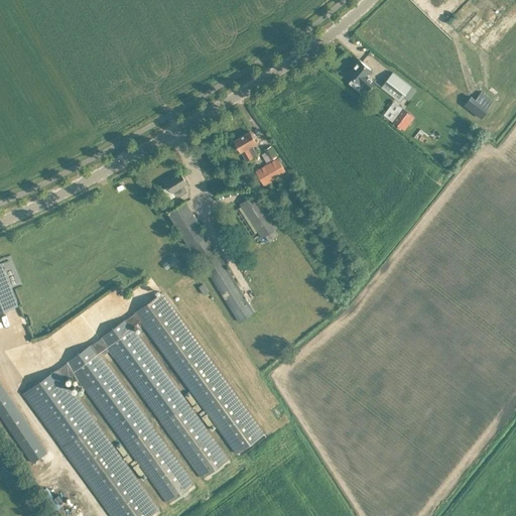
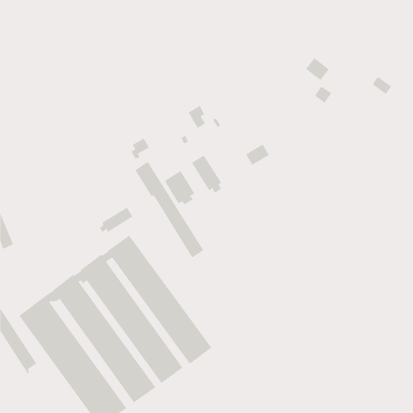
building: [348,60,374,93] -> none
building: [255,159,285,186] -> [245,144,270,166]
building: none -> [164,170,195,205]
building: none -> [99,207,133,233]

